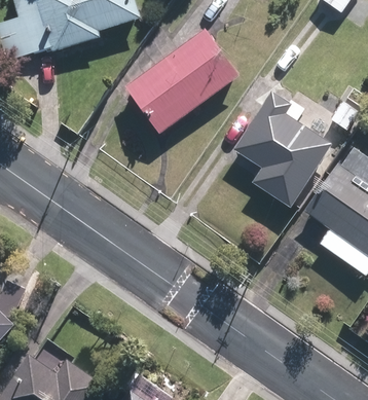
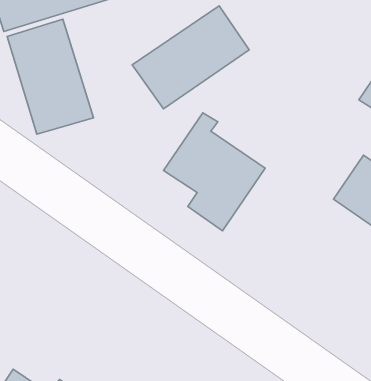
building: none -> [7,19,94,134]
building: [235,98,326,203] -> [164,113,265,231]

